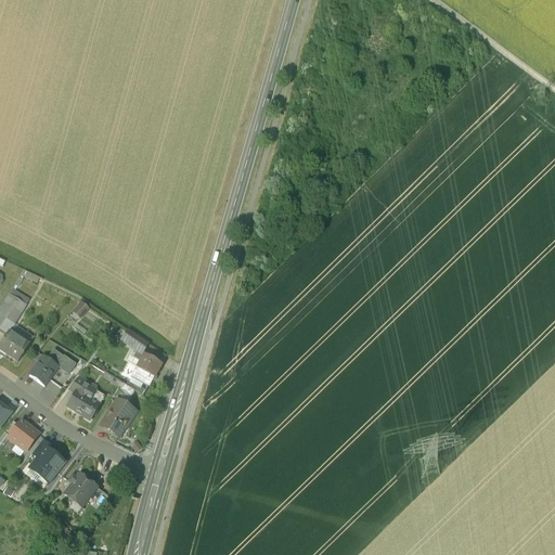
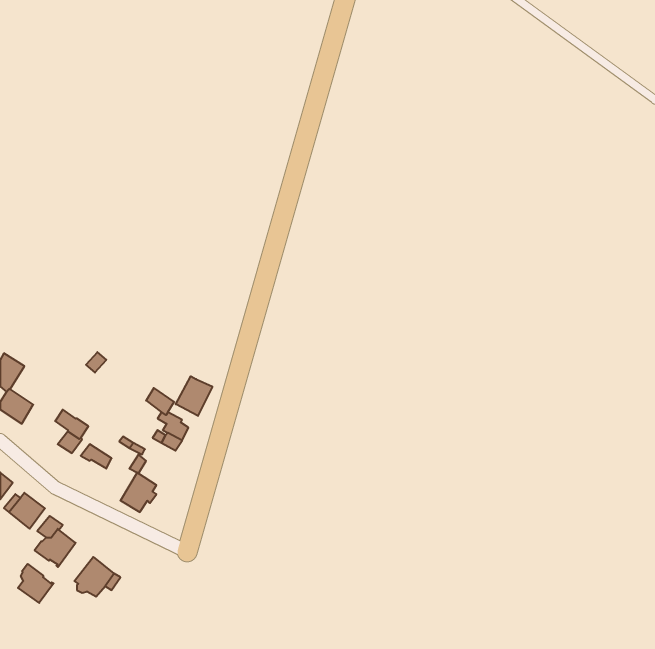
building: none -> [176,376,212,416]
building: [29,353,57,383] -> none
building: [67,388,104,417] -> none
building: none -> [18,564,54,603]

